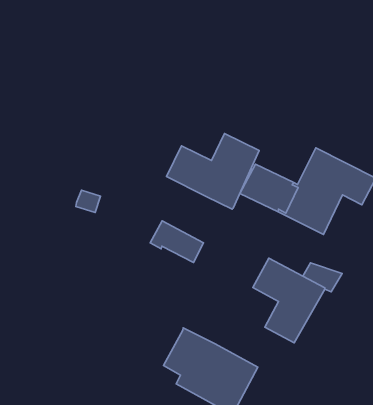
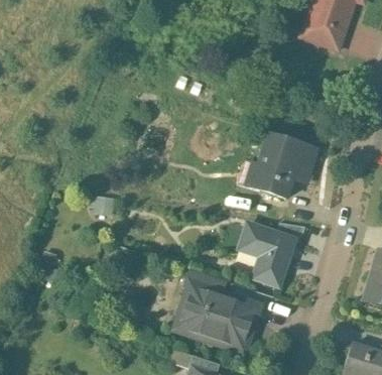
building: [166,134,259,209] -> none
building: [150,221,204,262] -> [183,268,224,295]

